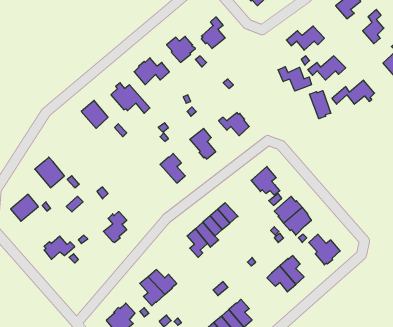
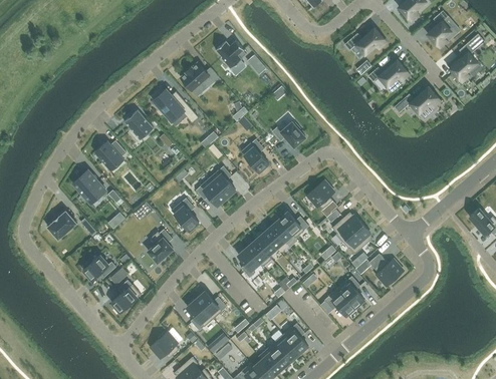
building: [201,17,225,49] -> none
building: [278,67,312,91] -> none
building: [310,91,331,119] -> none
building: none -> [95,141,127,170]
building: none -> [196,178,227,206]
building: none -> [171,199,199,232]
building: none -> [279,212,309,239]
building: none -> [111,281,141,313]

